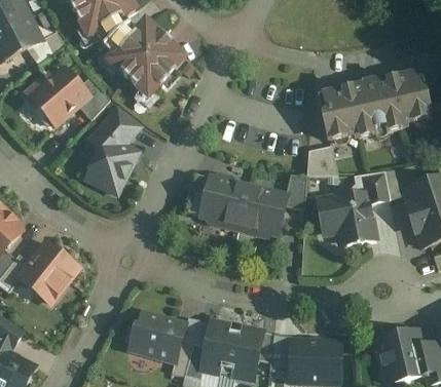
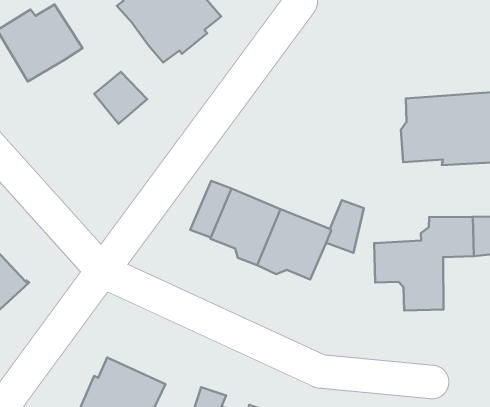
building: [78,77,110,120] -> none
building: [89,126,136,193] -> none
building: [306,145,337,176] -> none

